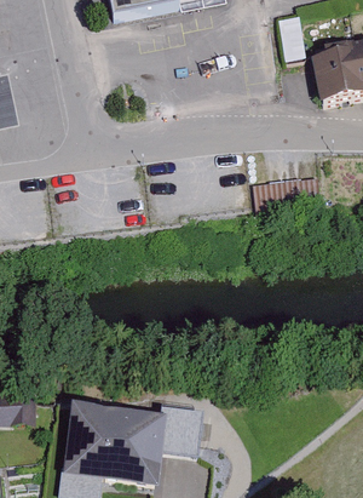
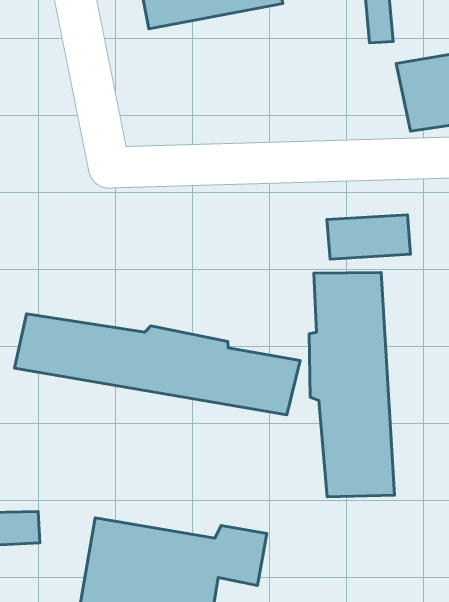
building: none -> [309,273,394,497]
building: none -> [14,314,300,415]

